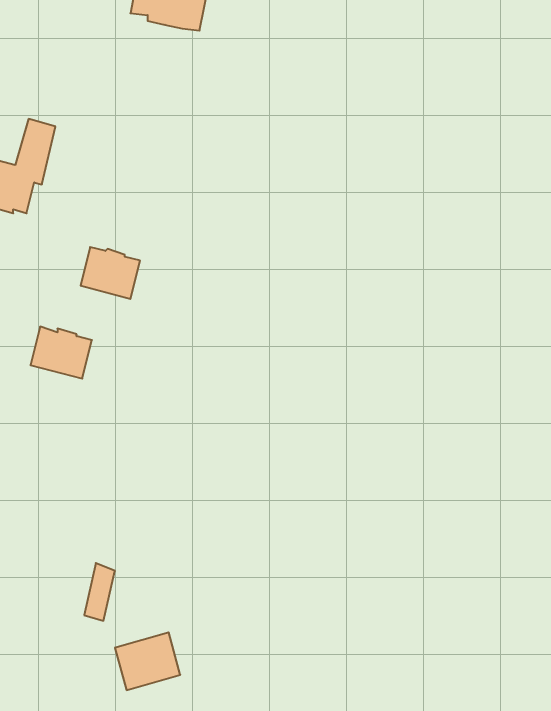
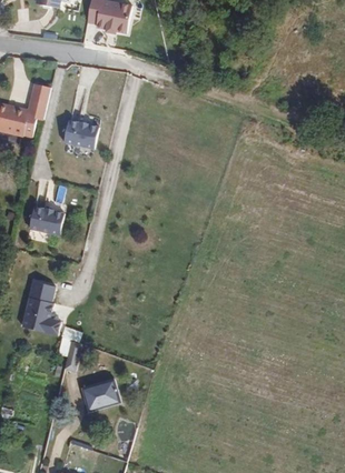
building: [81,247,140,299] -> [70,115,105,145]
building: none -> [20,280,61,338]

